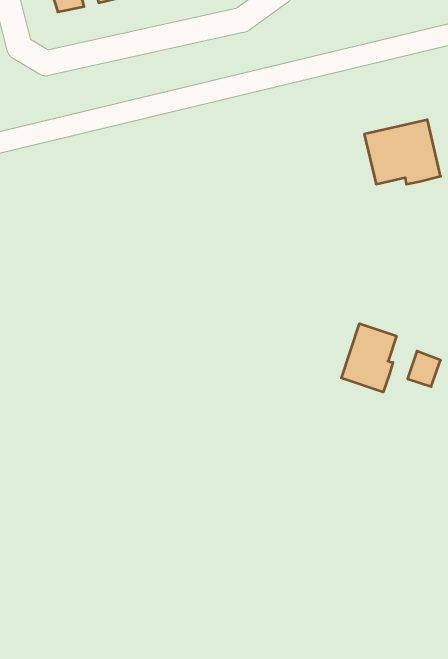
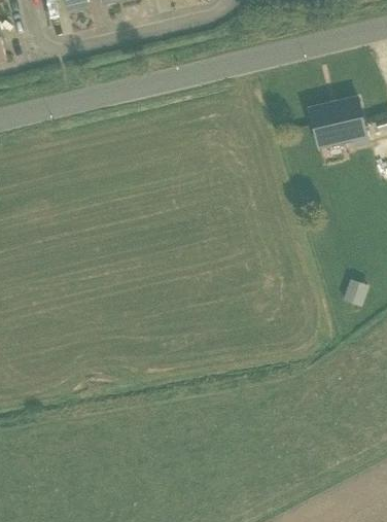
building: [341,324,396,392] -> none

